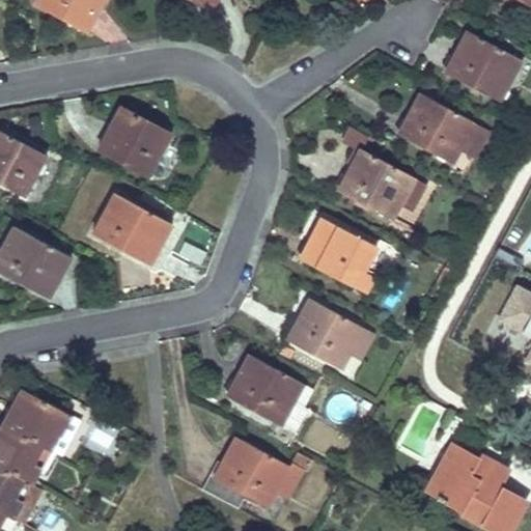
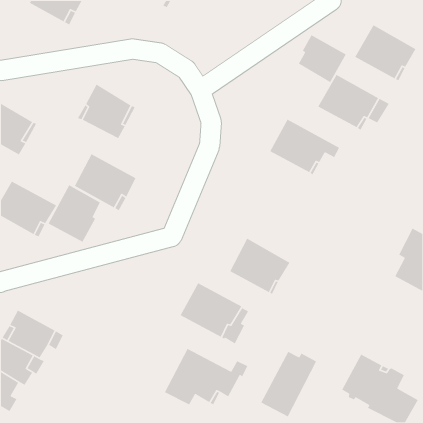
building: none -> [298,34,347,83]
building: [300,216,376,294] -> none
building: none -> [48,184,101,243]
building: none -> [260,351,317,417]

